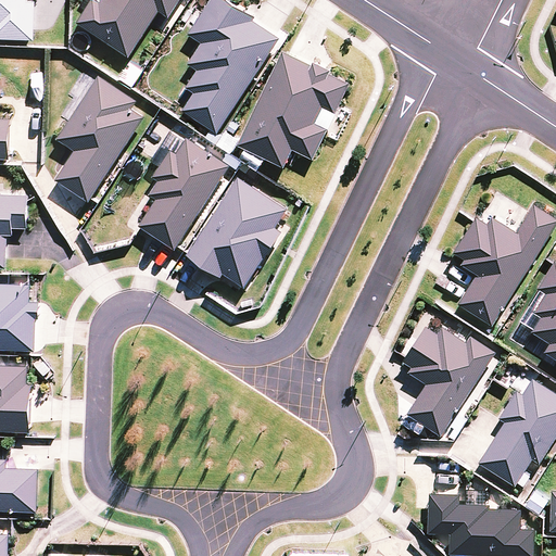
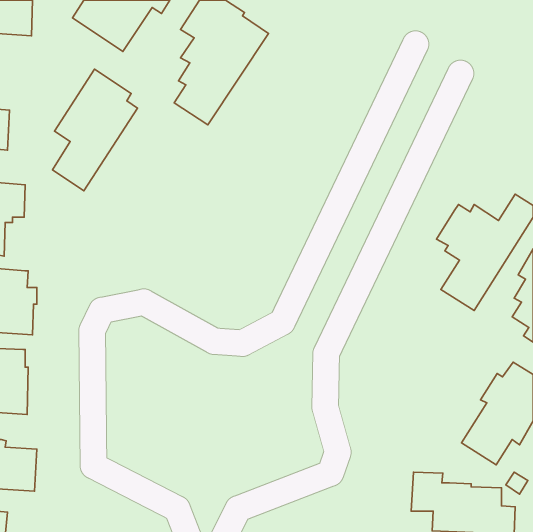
building: [237,52,346,167] -> none
building: [138,139,228,250] -> none
building: [186,177,286,289] -> none
building: [401,326,494,437] -> none

